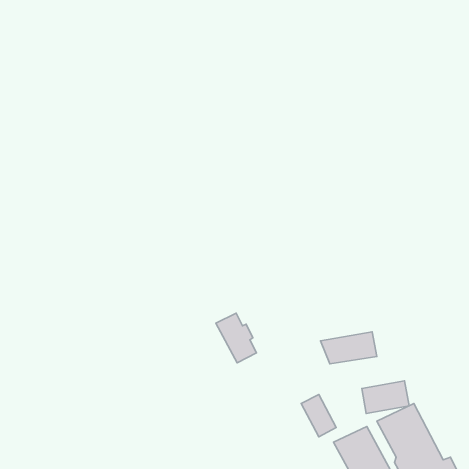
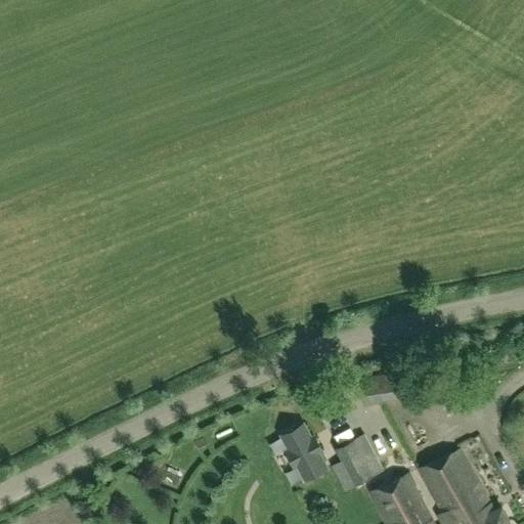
building: [216,313,256,363] -> [278,424,323,479]
building: [362,381,409,413] -> none

